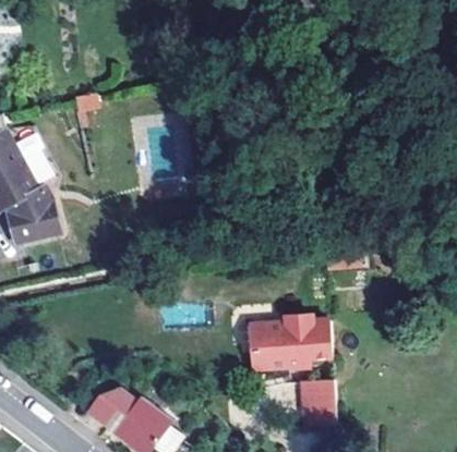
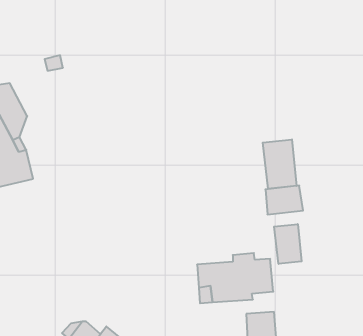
building: none -> [263,139,297,189]
building: none -> [274,224,302,264]

